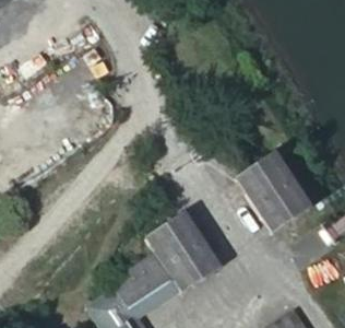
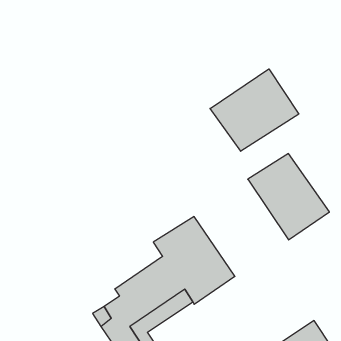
building: none -> [210,69,299,151]

